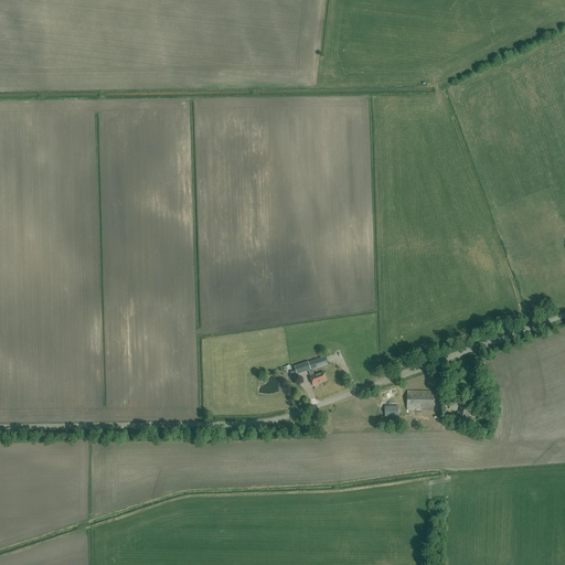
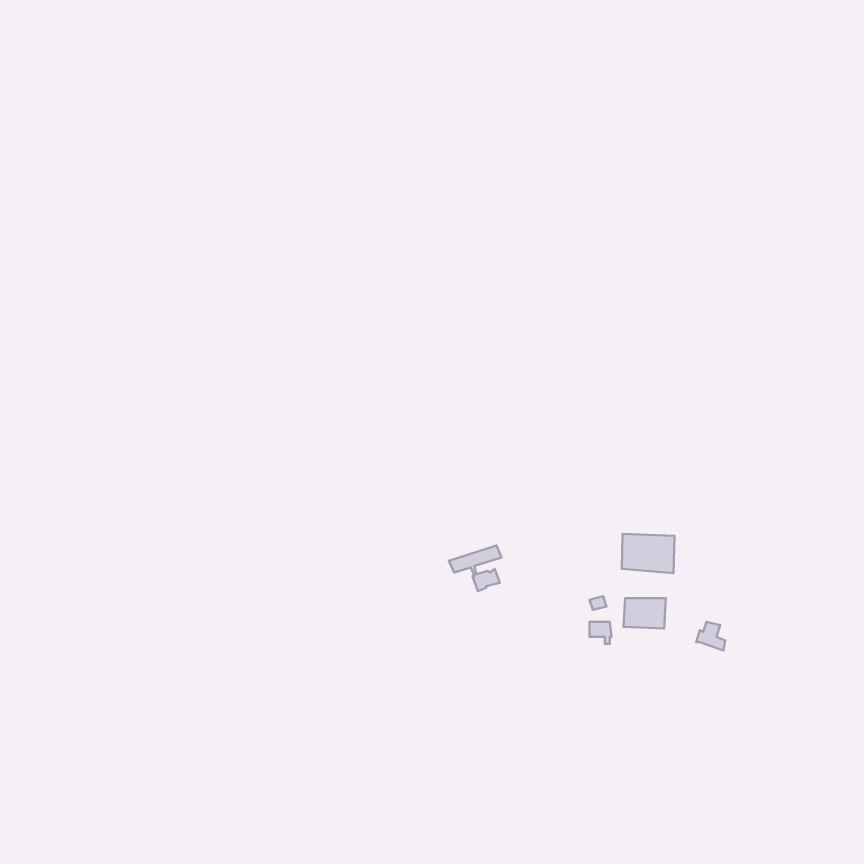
building: none -> [622,534,675,573]

